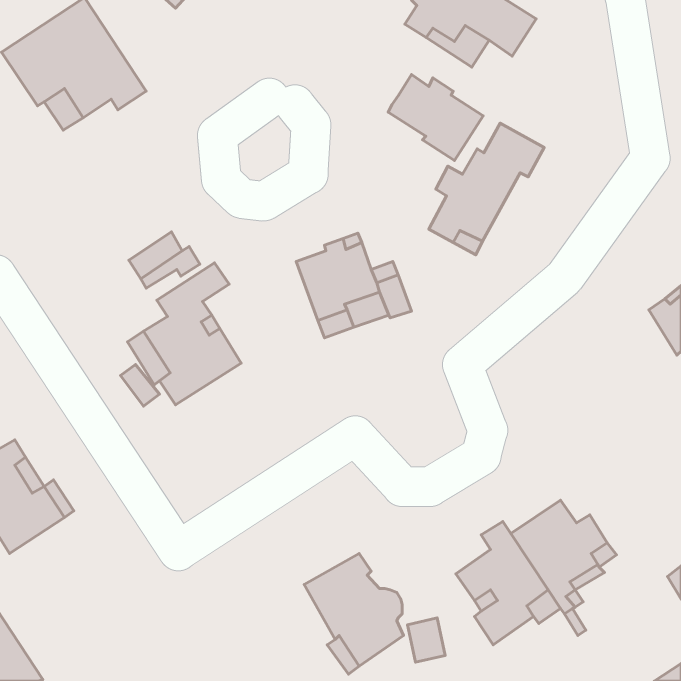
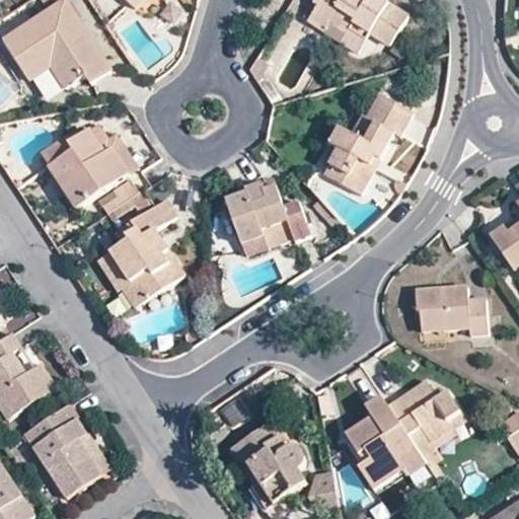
building: [388,74,483,160] -> none
building: none -> [39,128,129,208]
building: none -> [415,284,487,335]
building: none -> [23,404,100,496]

